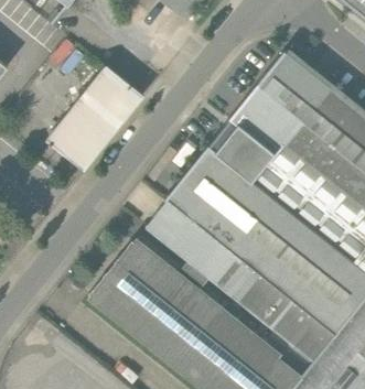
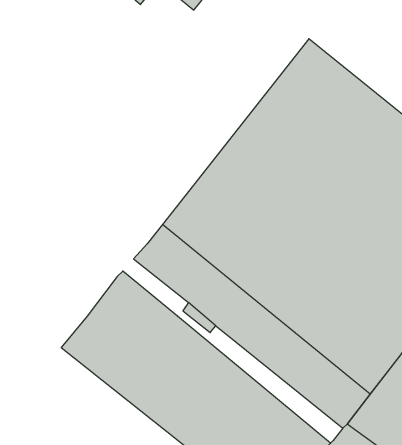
building: [45,68,143,173] -> none

